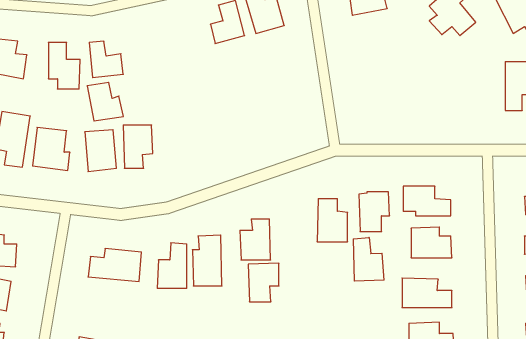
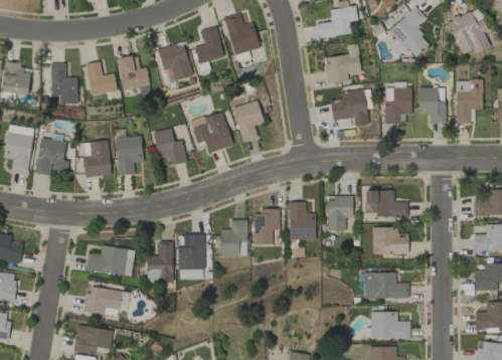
building: none -> [158,42,192,80]
building: none -> [324,44,361,84]
building: none -> [419,87,445,125]
building: none -> [384,88,411,125]
building: none -> [330,89,369,127]
building: [87,82,123,121] -> [118,55,150,89]
building: none -> [232,101,264,143]
building: none -> [190,112,232,153]
building: none -> [153,129,186,165]
building: [353,237,384,281] -> none
building: [248,263,279,302] -> [253,210,280,244]
building: none -> [85,287,121,316]

